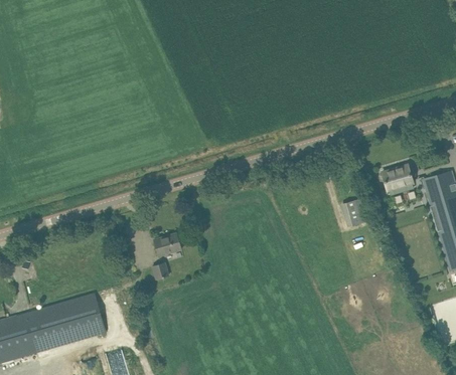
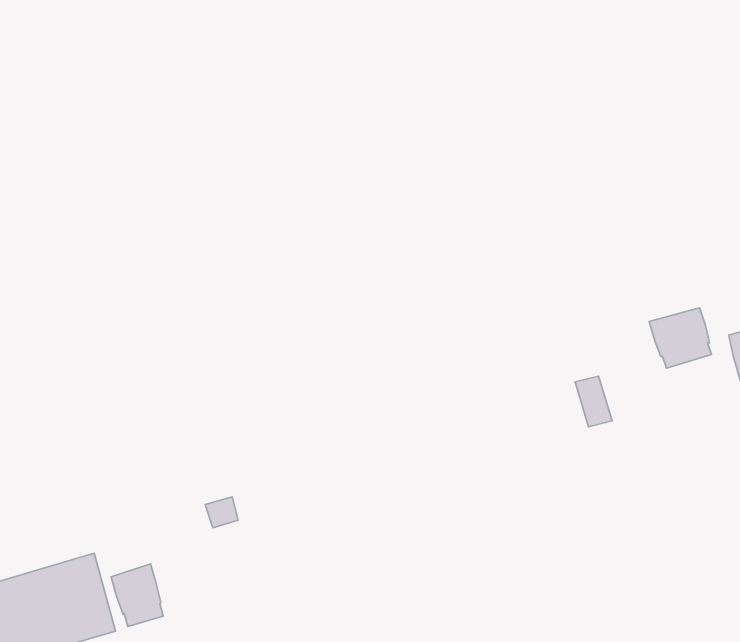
building: [154,232,181,256] -> none
building: none -> [111,564,163,626]

